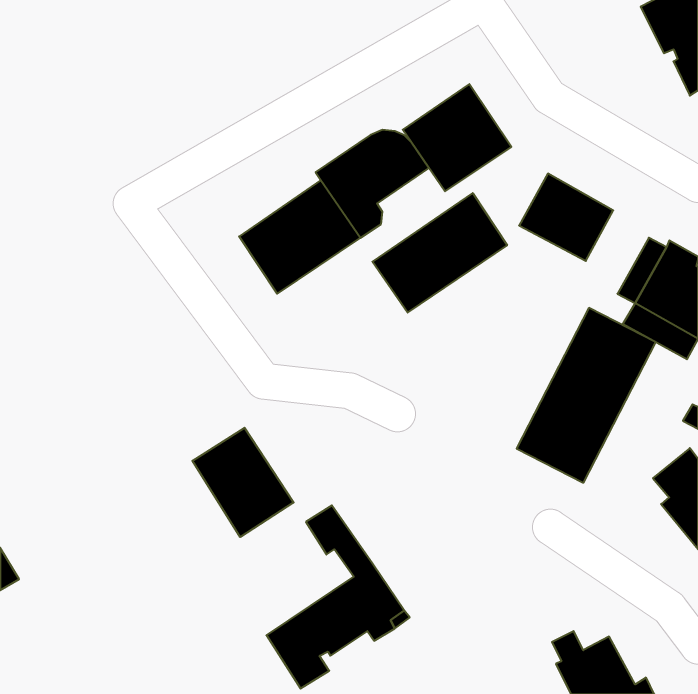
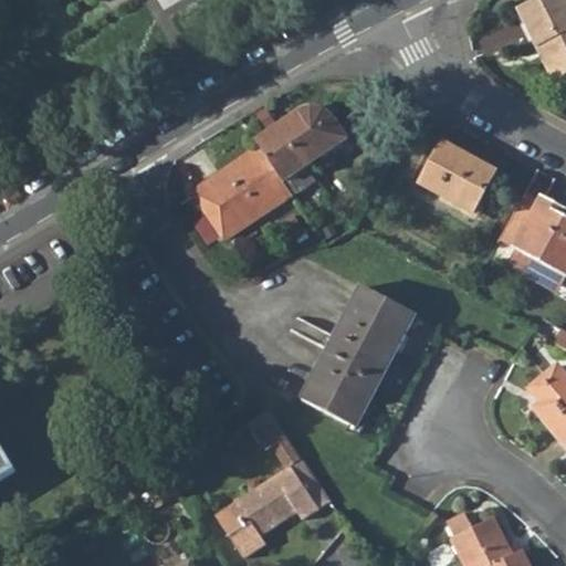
building: [403,84,511,191] -> none
building: [372,193,507,313] -> none
building: [517,308,656,483] -> [301,284,413,426]
building: [192,428,294,537] -> none

